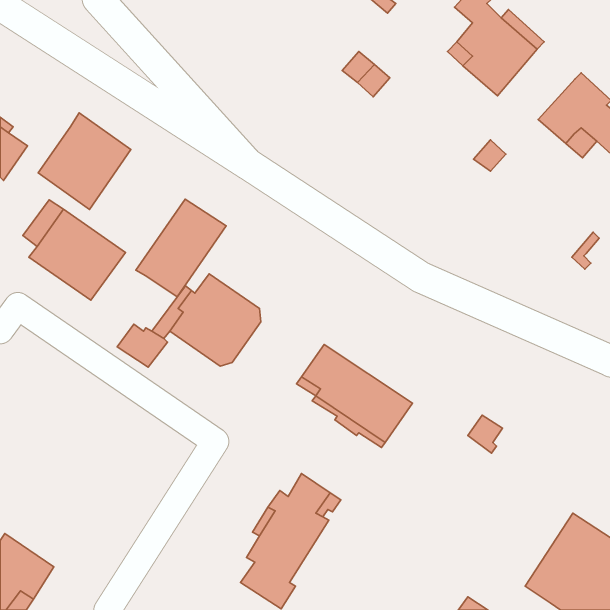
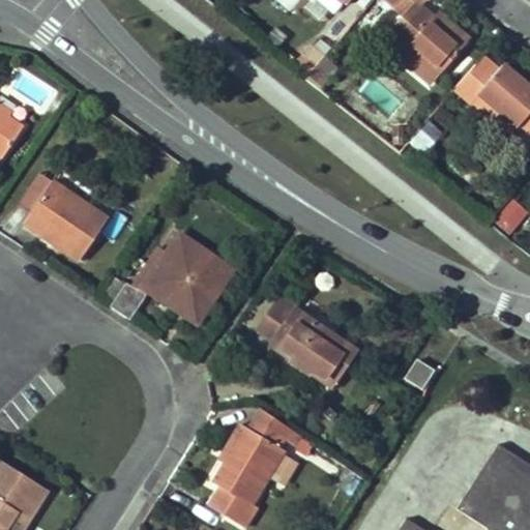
building: none -> [451,54,499,104]
building: [38,113,131,209] -> none
building: [136,199,226,297] -> none

